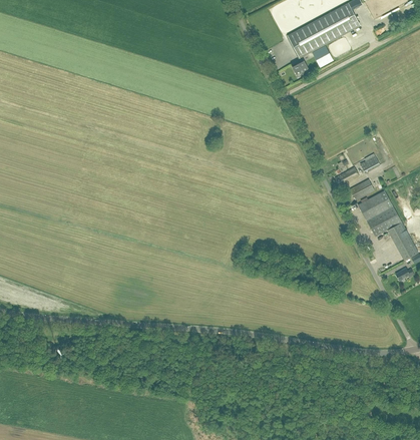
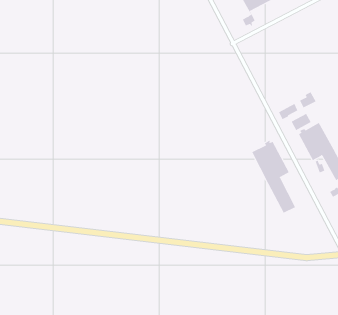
building: none -> [251,140,296,213]

